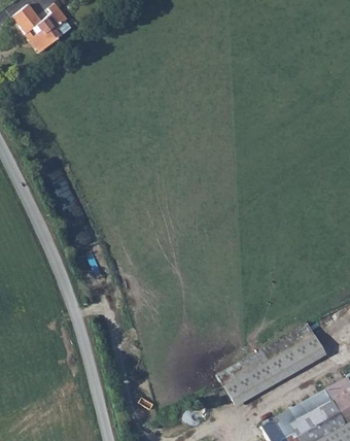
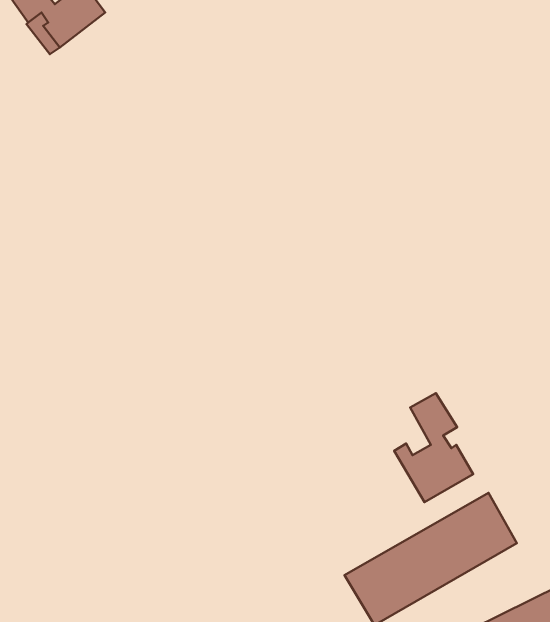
building: none -> [394,393,473,502]

